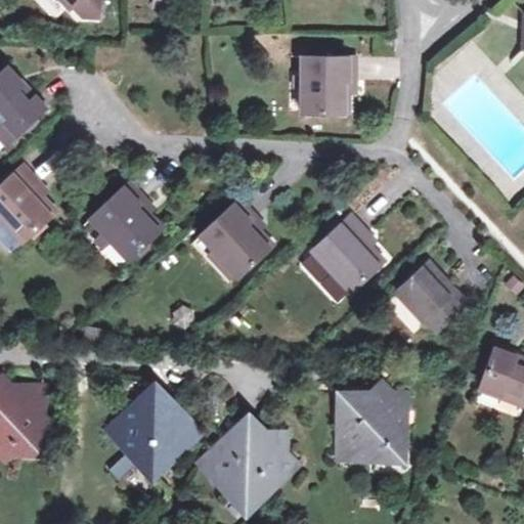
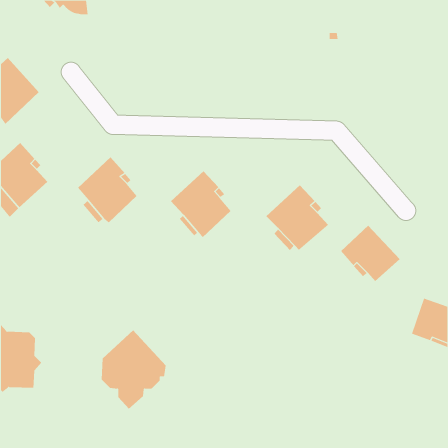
building: [302,56,356,114] -> none
building: [338,382,405,461] -> none
building: [201,414,290,514] -> none

